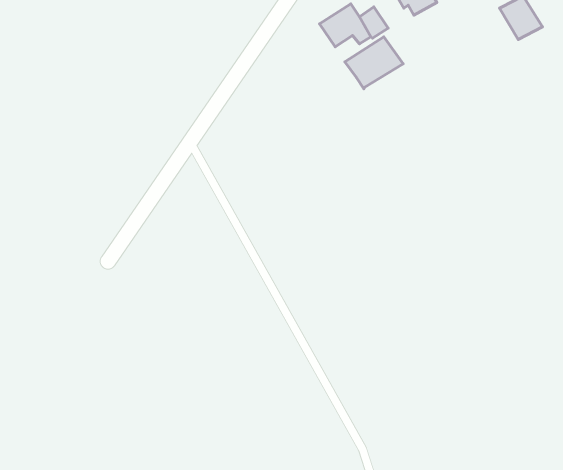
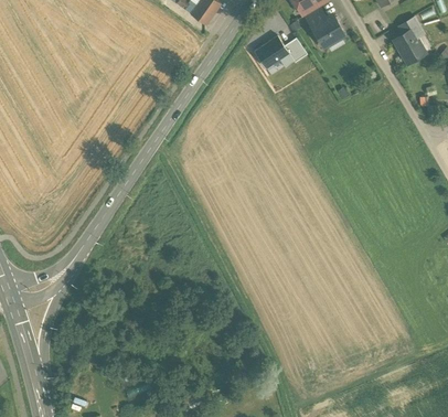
building: [345,37,403,89] -> none

